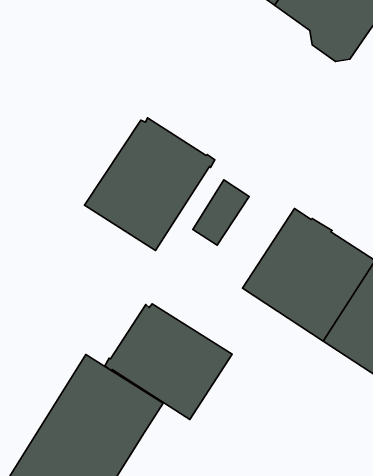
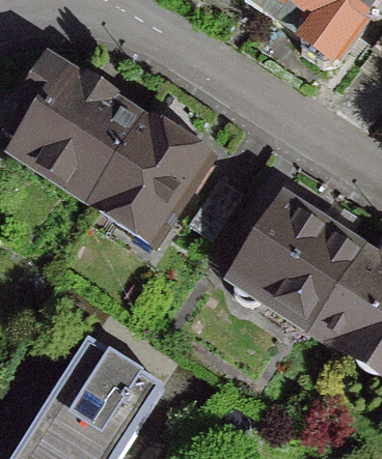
building: none -> [10,58,138,197]
building: [105,304,232,420] -> none

